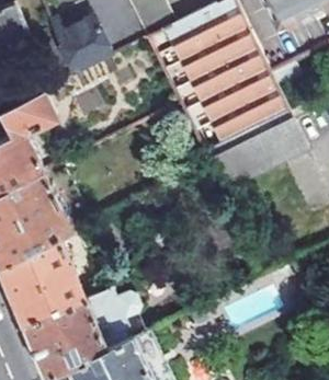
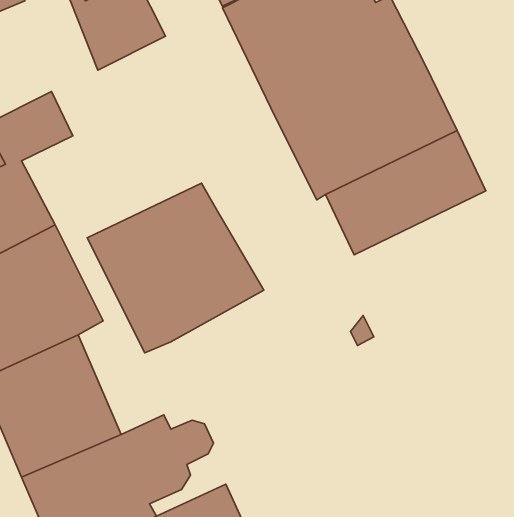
building: none -> [87,183,264,353]

